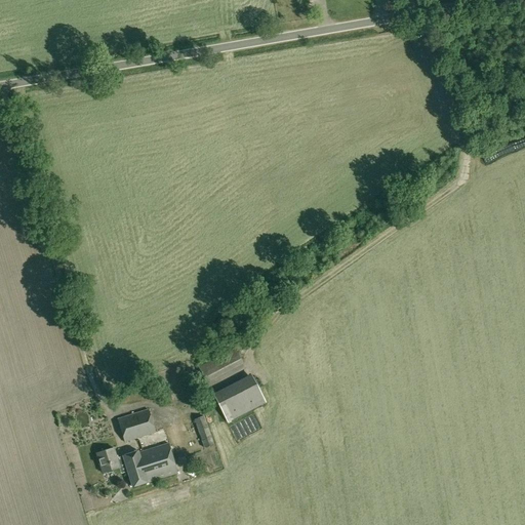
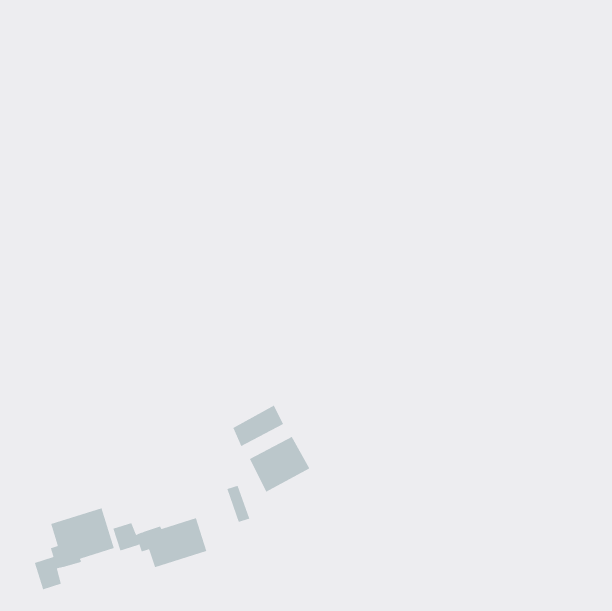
building: [117,409,155,441] -> none
building: none -> [34,508,114,590]

